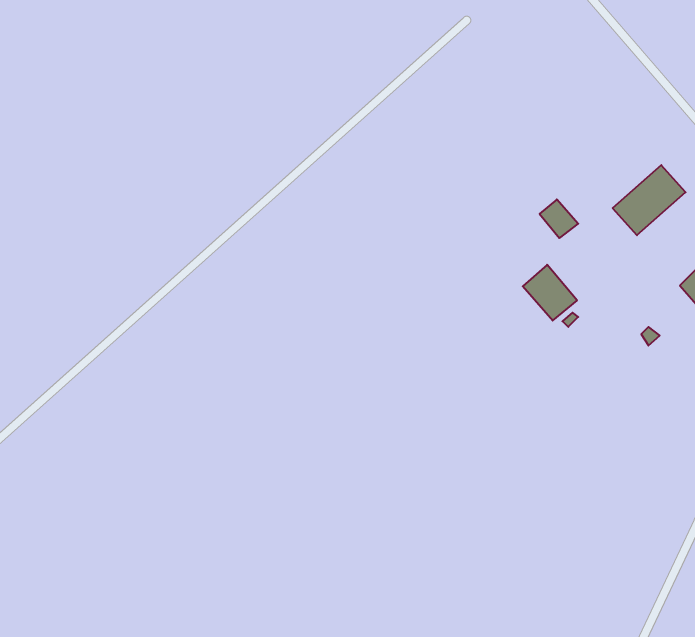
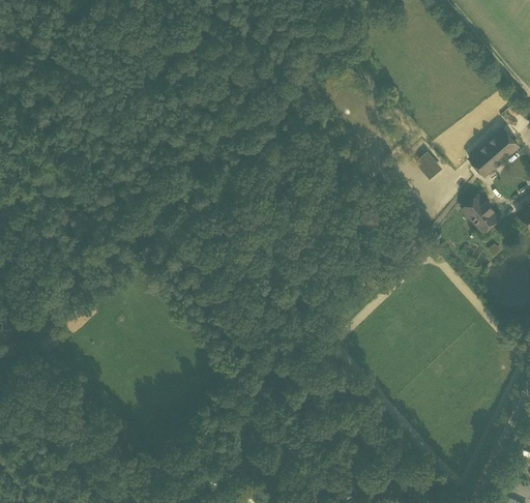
building: [523,265,577,321] -> [461,194,500,234]

